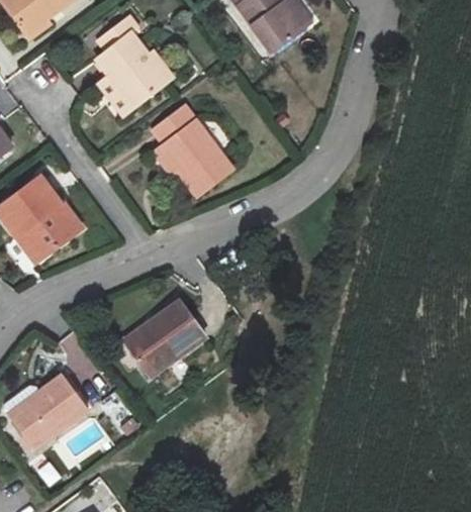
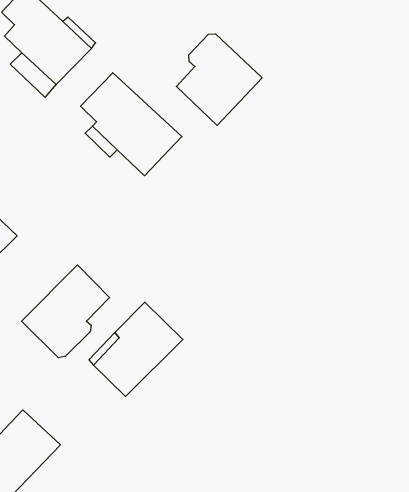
building: none -> [176,34,262,125]
building: none -> [22,265,110,358]

